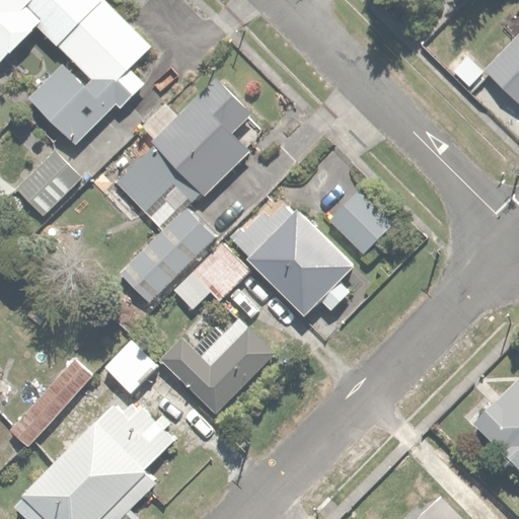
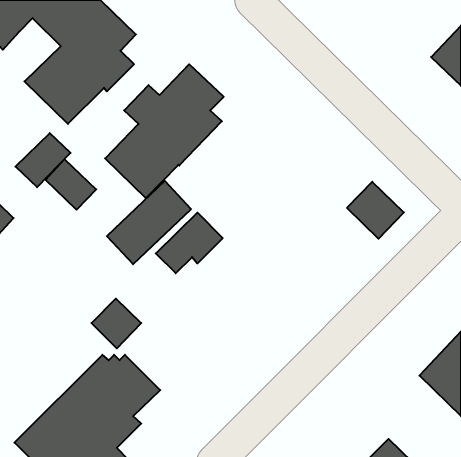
building: none -> [46,159,96,210]
building: [328,191,392,254] -> [347,182,404,239]
building: [228,202,356,317] -> none
building: [159,316,278,418] -> none
building: [6,360,96,450] -> none

